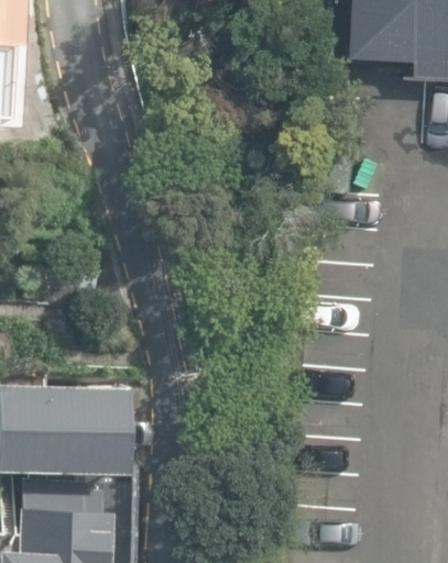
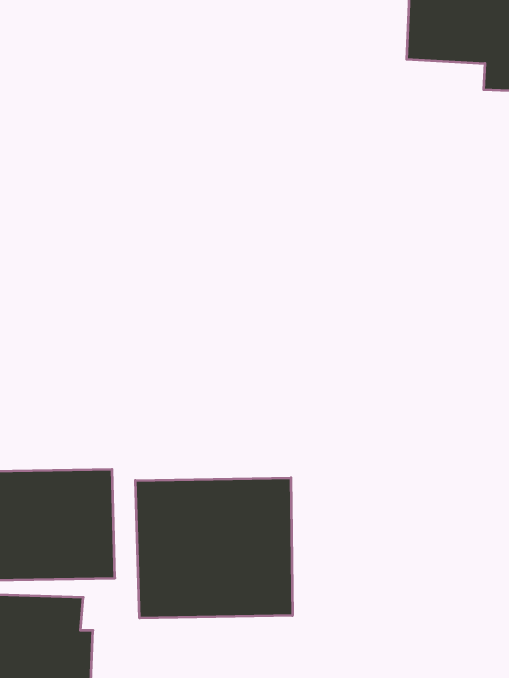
building: none -> [135,478,292,618]

